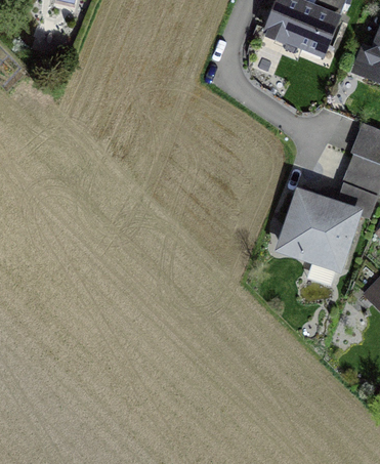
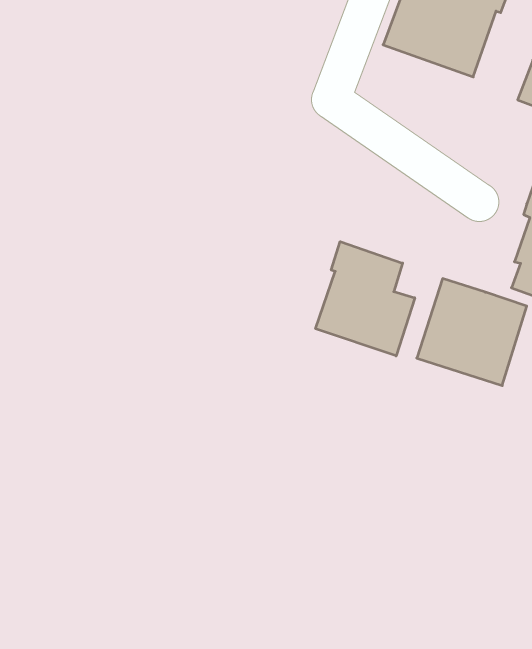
building: none -> [316,242,415,356]

